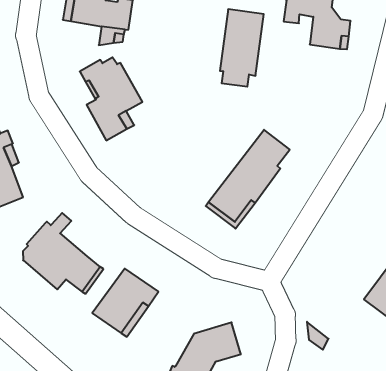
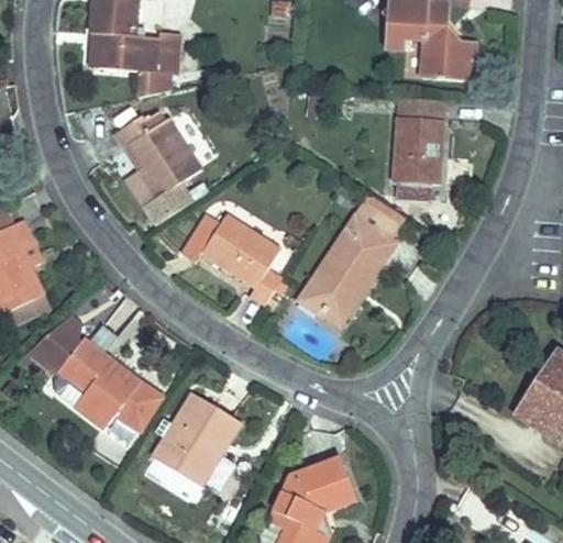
building: [220,9,264,87] -> [391,97,445,199]
building: none -> [181,212,283,304]
building: none -> [29,314,81,373]

